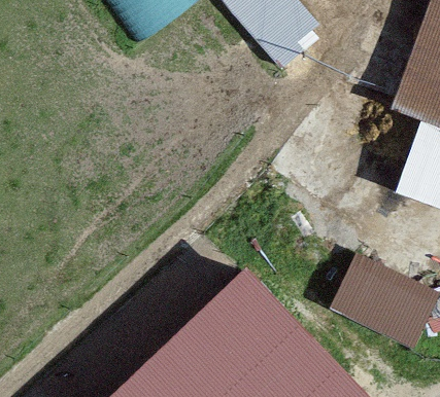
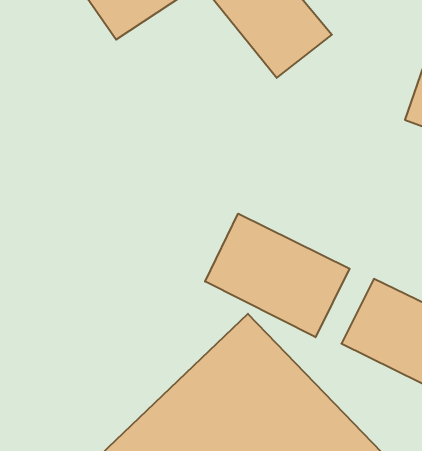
building: none -> [205,214,350,337]

